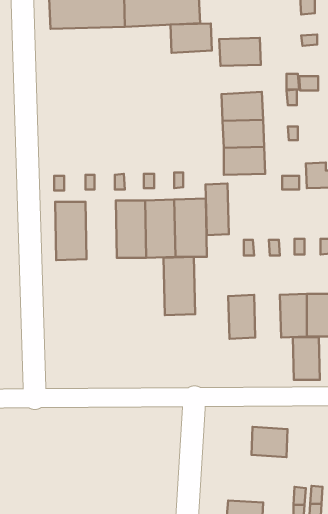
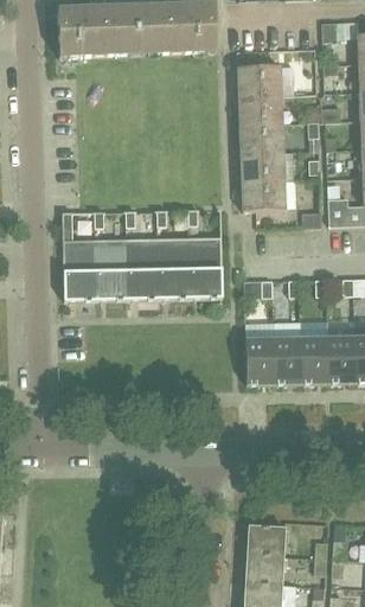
building: [170,24,212,53] -> [238,95,282,126]
building: [205,183,229,235] -> none
building: [164,257,195,315] -> [96,238,129,300]
building: [293,337,320,380] -> [274,338,302,383]
building: [252,427,287,457] -> [246,525,284,557]

